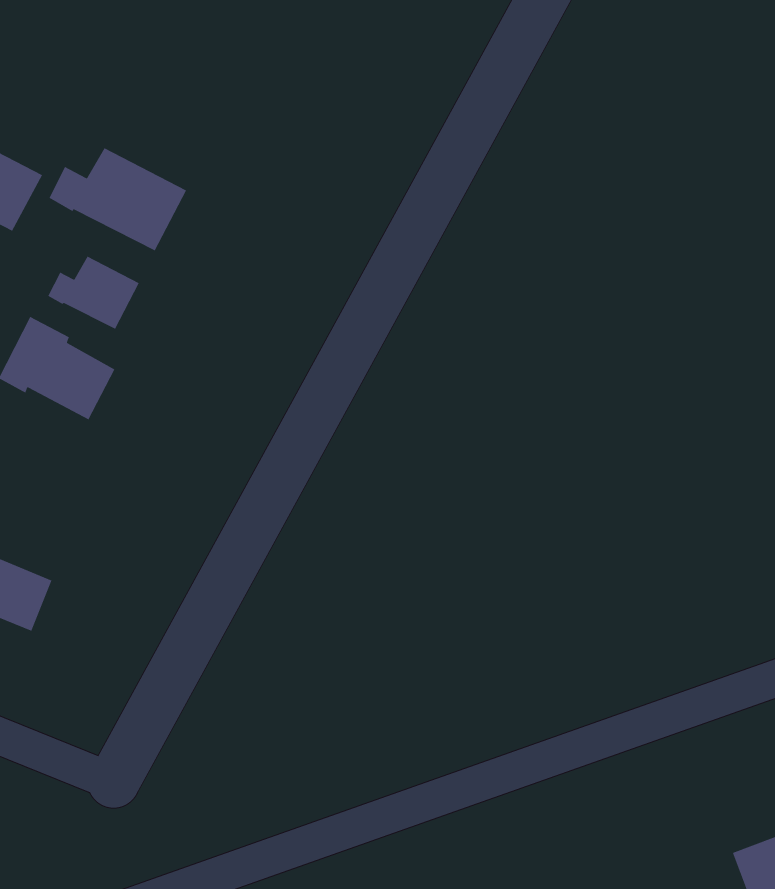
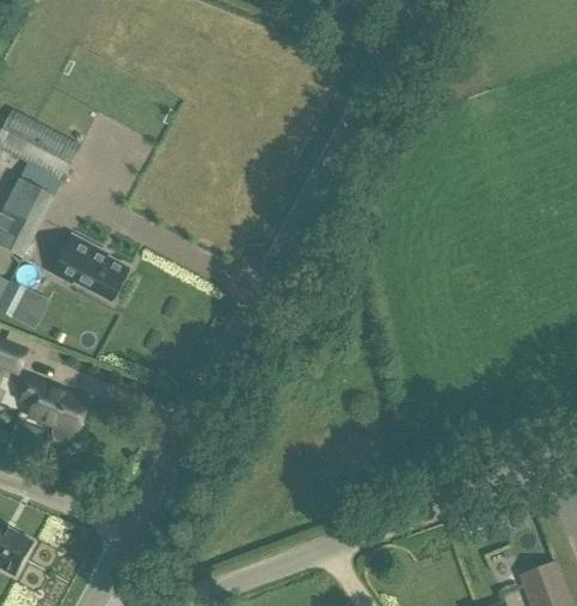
building: [48,147,187,252] -> none
building: [47,255,140,330] -> none

